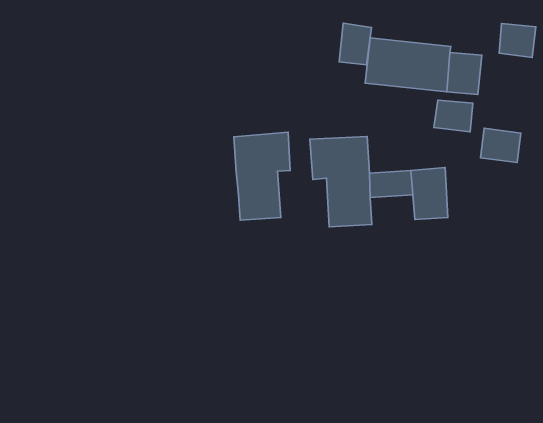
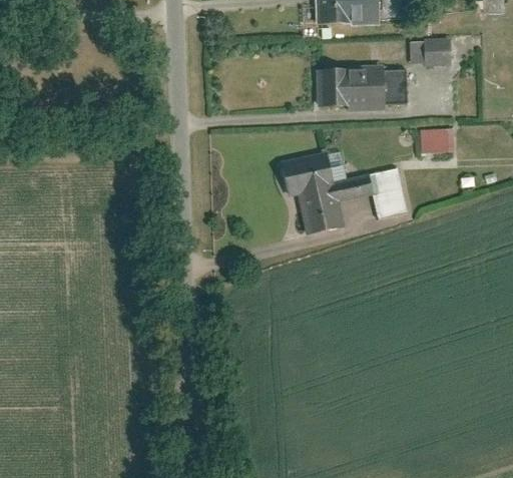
building: [339,23,371,65] -> none
building: [434,100,473,132] -> none
building: [234,132,290,220] -> none

